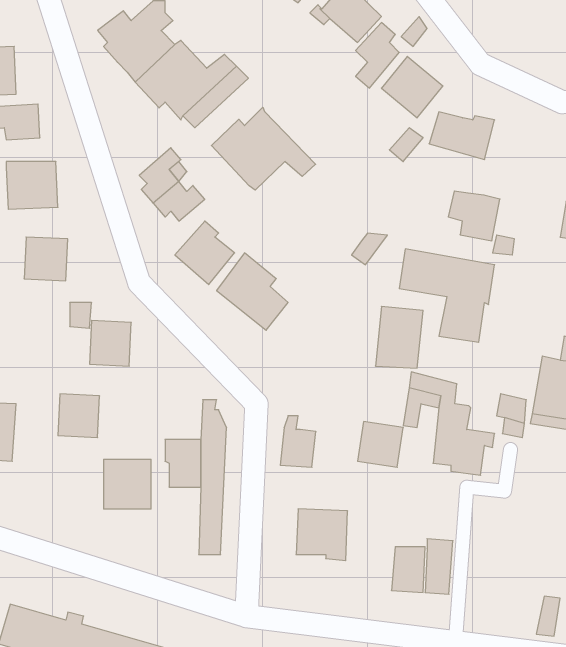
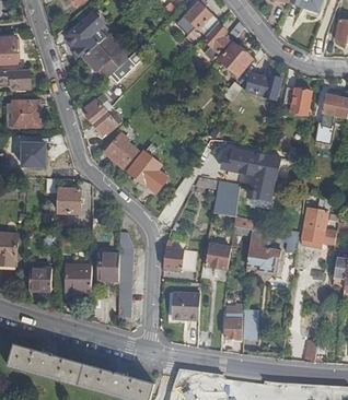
building: [211,107,316,190] -> none
building: [448,191,500,241] -> [282,87,311,115]
building: [58,394,100,438] -> [28,267,51,291]

